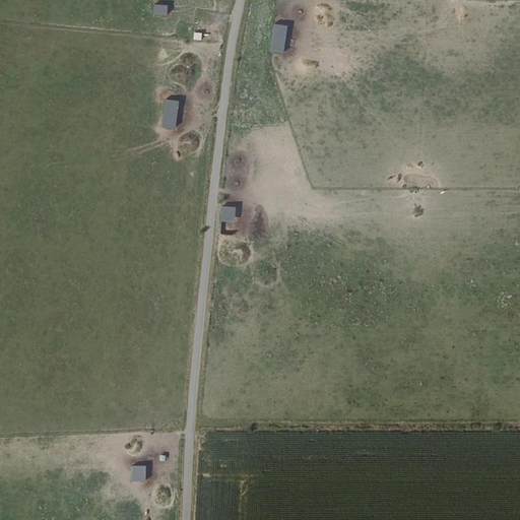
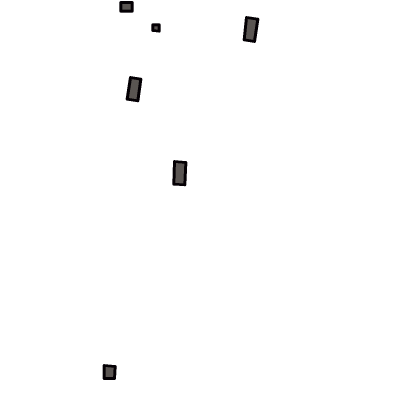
building: [270,22,287,53] -> [244,17,258,41]

